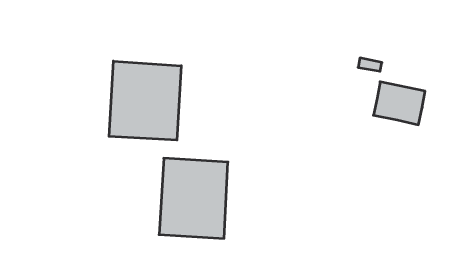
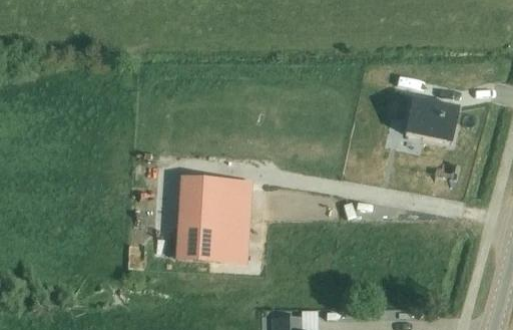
building: [109,61,181,140] -> none

